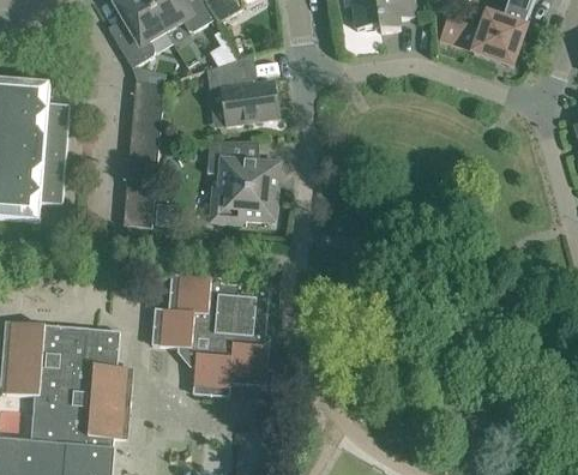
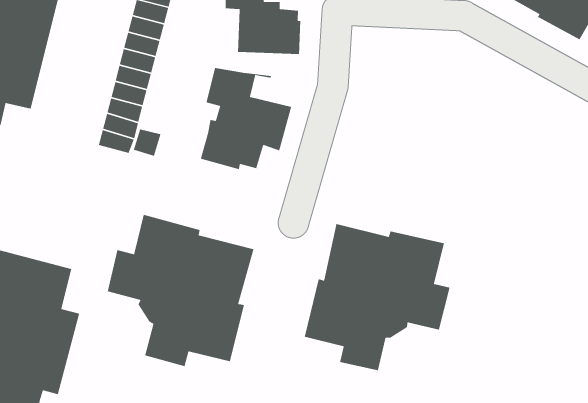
building: none -> [304,223,450,371]

